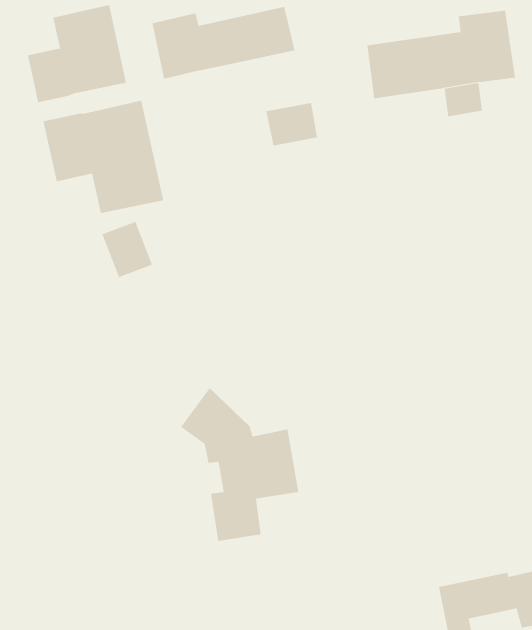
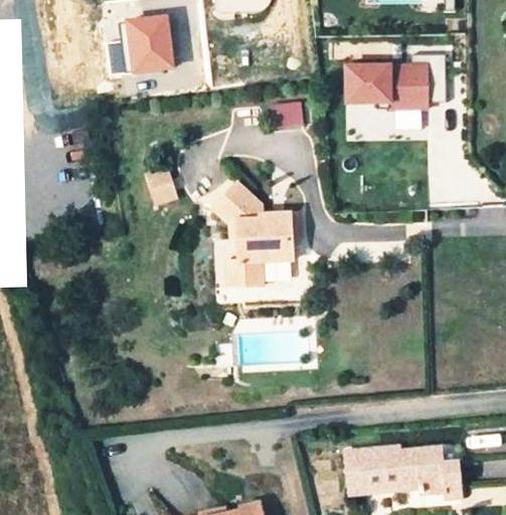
building: [152,6,295,79] -> none
building: [43,100,164,214] -> none
building: [180,387,299,541] -> [211,175,289,284]

